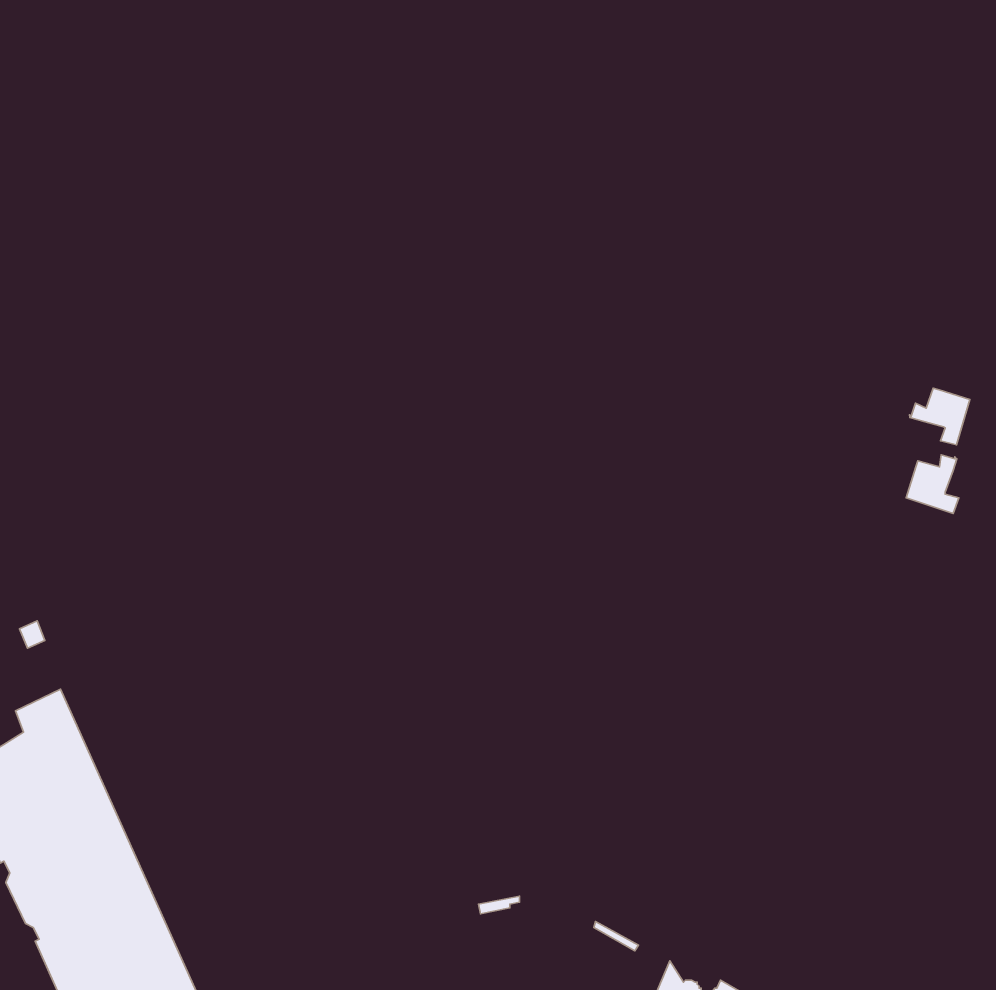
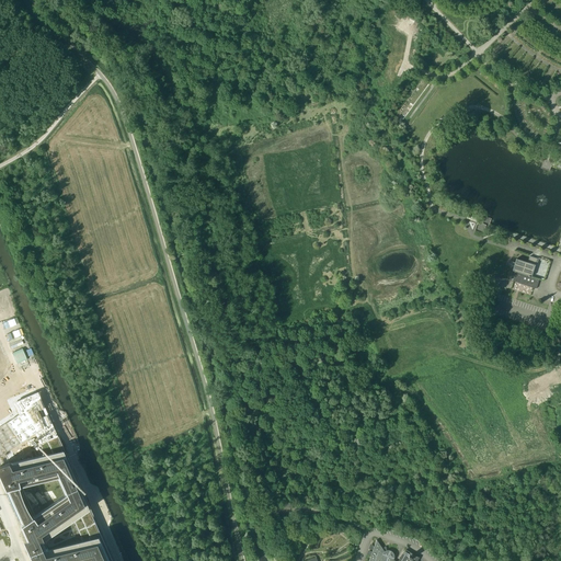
building: [909,388,970,445] -> none

